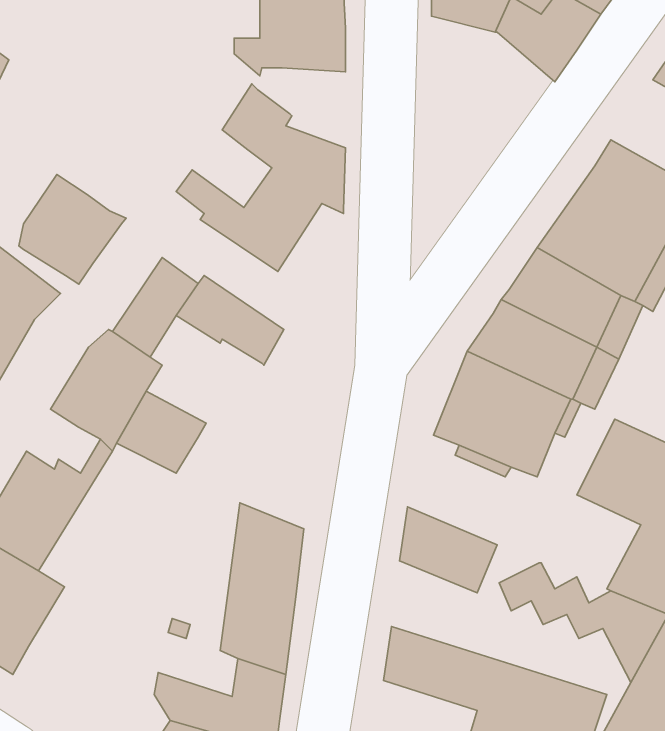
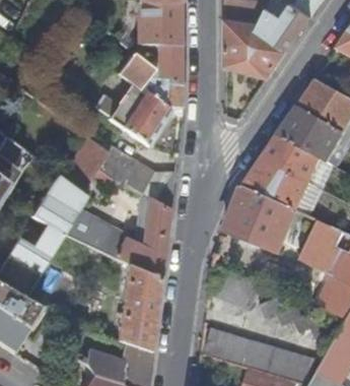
building: none -> [225,16,288,76]
building: none -> [148,43,182,83]
building: [19,175,126,284] -> none
building: none -> [95,198,169,277]

